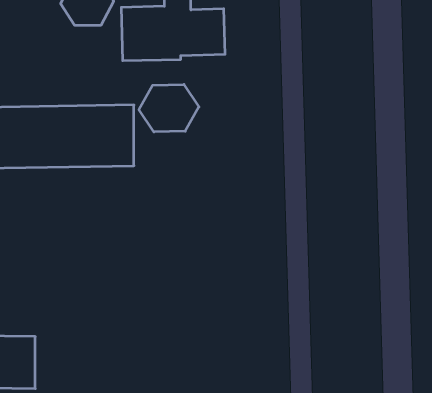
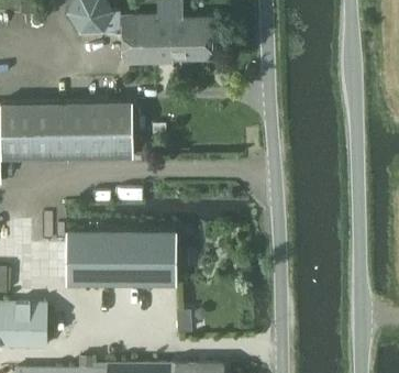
building: [139,84,199,132] -> none
building: none -> [66,231,177,285]

